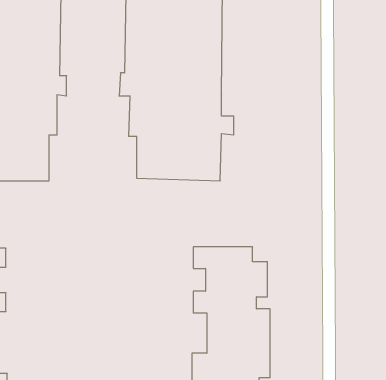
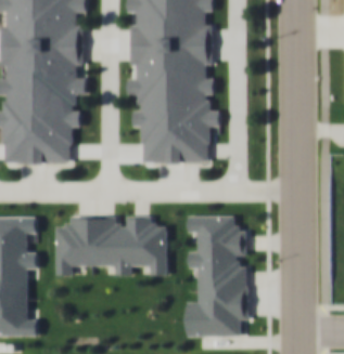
building: none -> [54,218,167,276]

